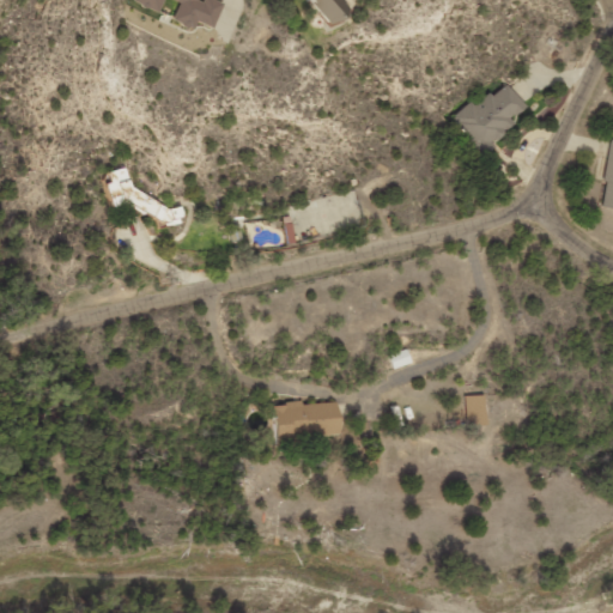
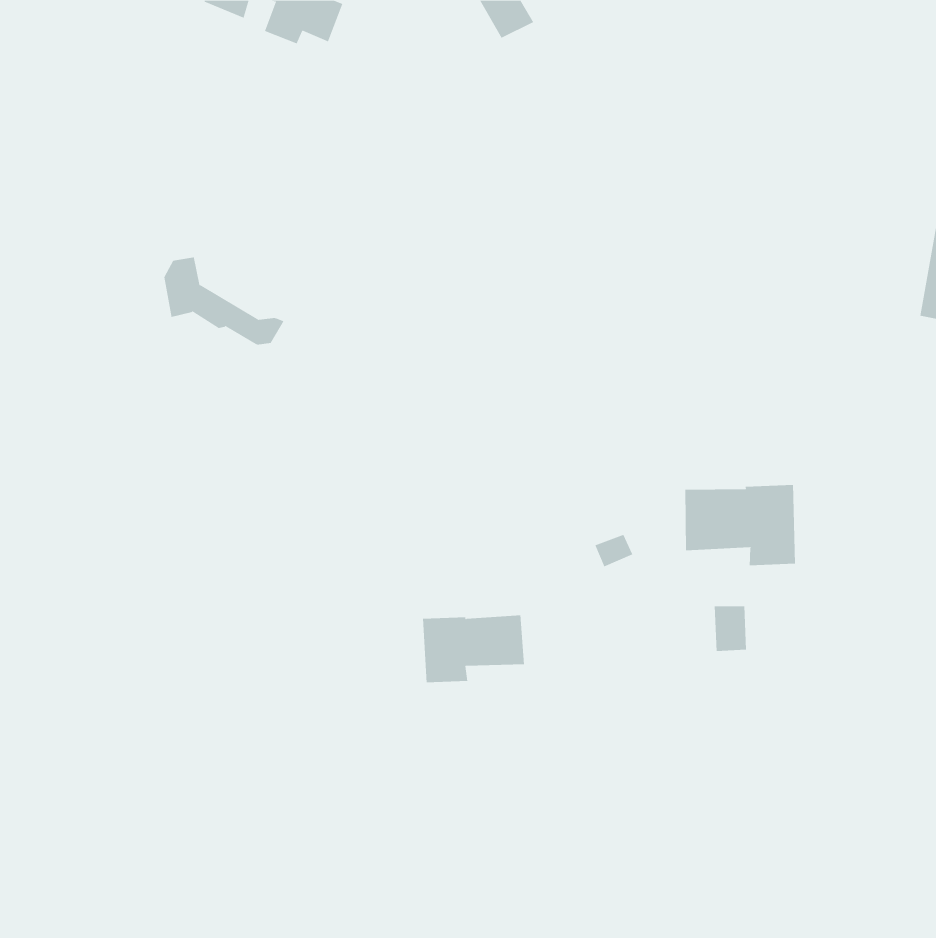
building: [455,84,528,152] -> none
building: none -> [685,484,796,566]

